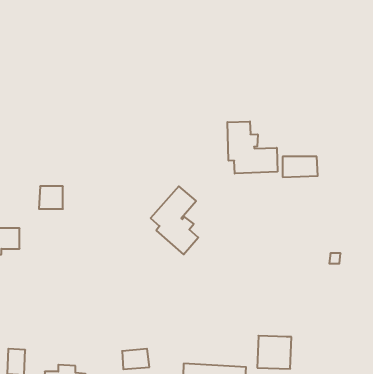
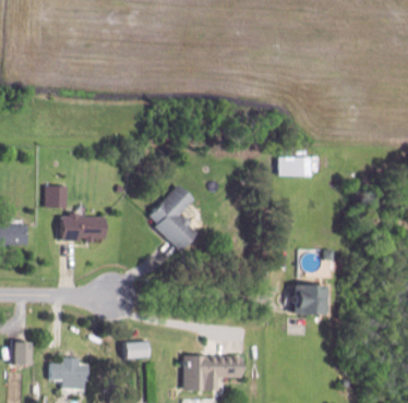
building: [227,121,277,174] -> none
building: none -> [62,211,106,243]
building: [257,336,291,369] -> [296,283,328,315]

